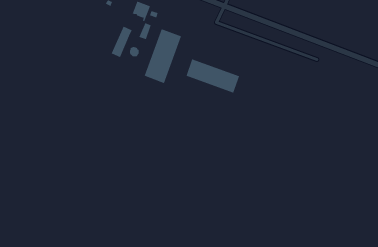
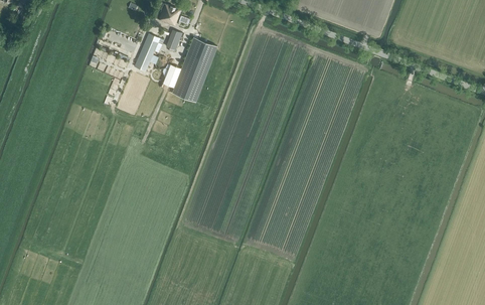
building: [186,59,240,94] -> none

